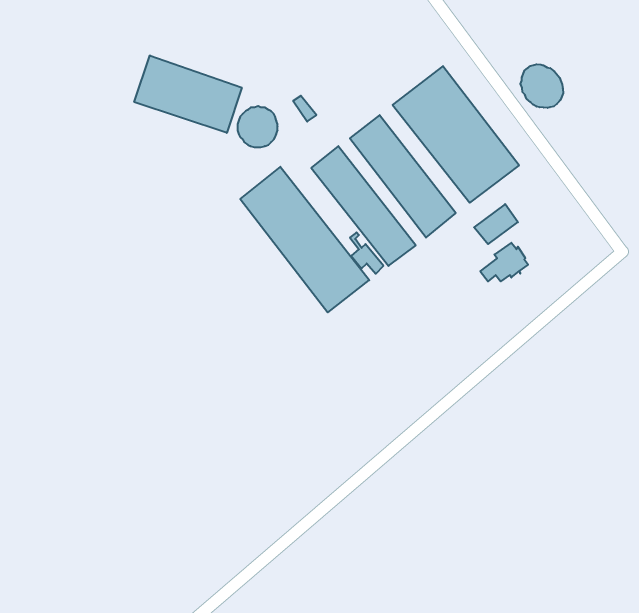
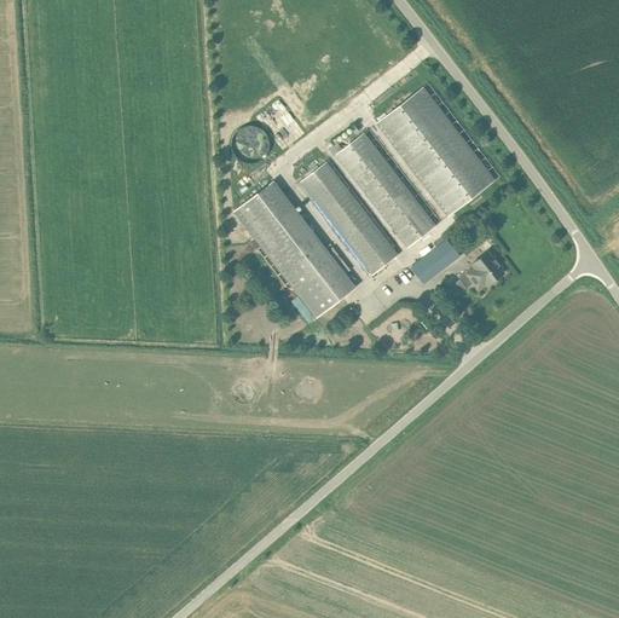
building: [134,55,242,133] -> none
building: [520,64,563,108] -> none
building: [474,204,518,244] -> [410,244,451,282]

